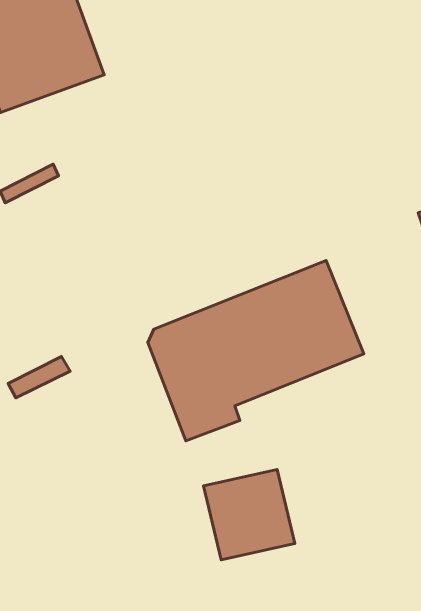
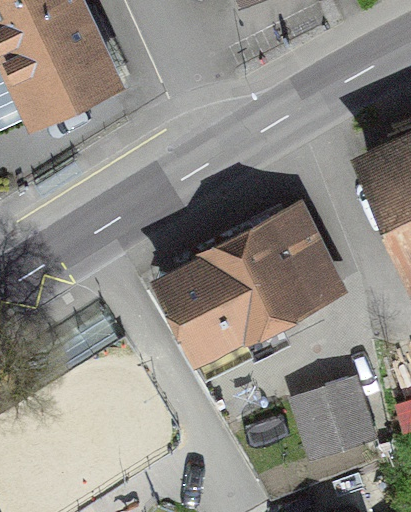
building: [203,470,295,560] -> [291,382,367,457]

